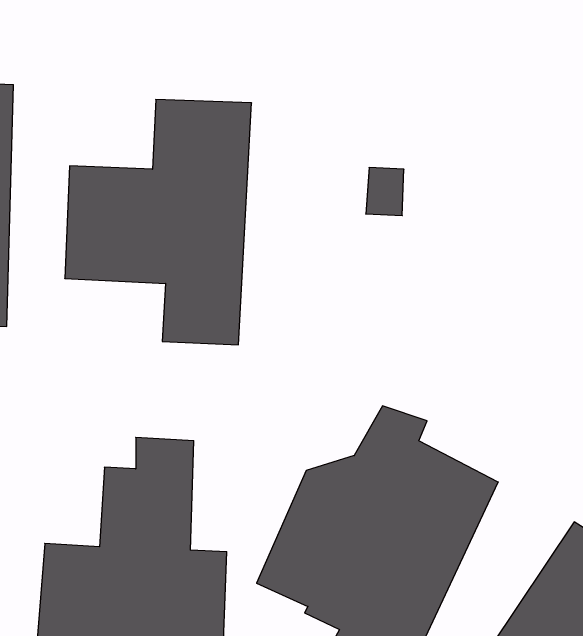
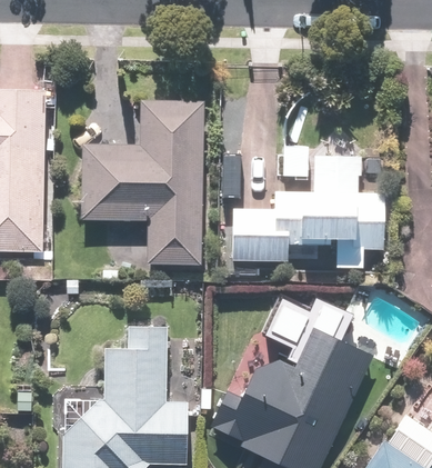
building: none -> [229,123,385,269]

